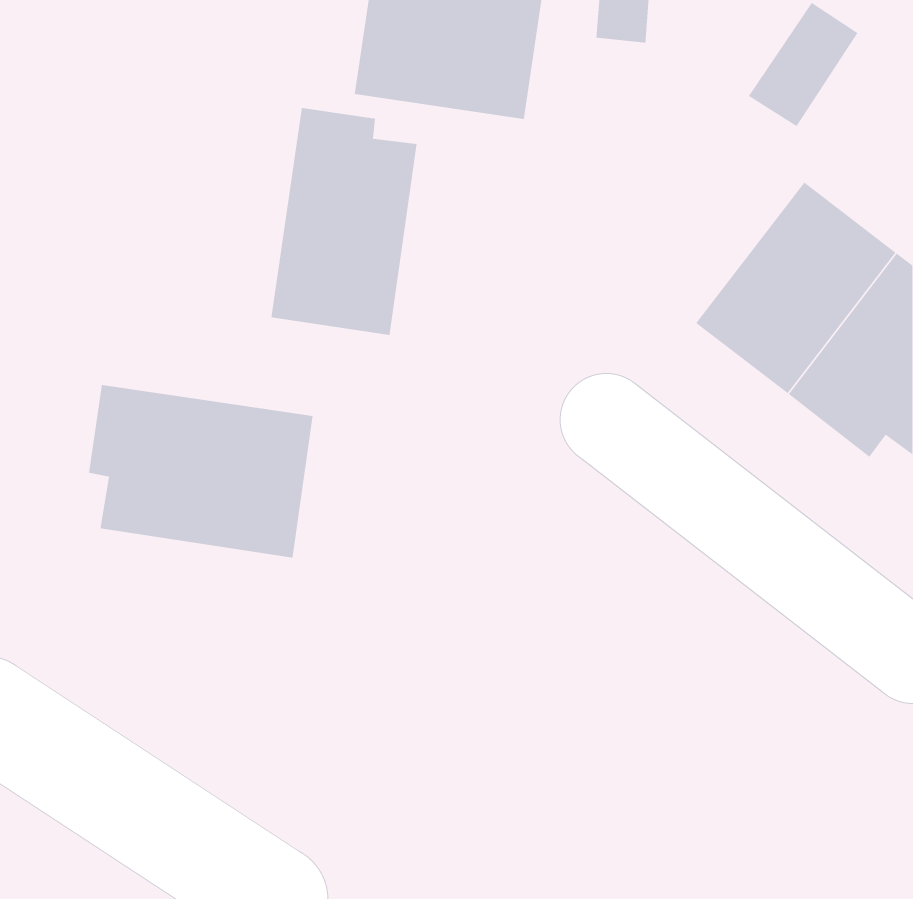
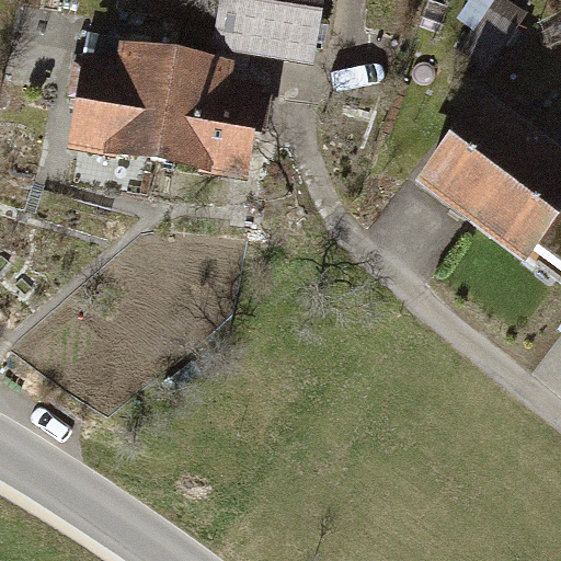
building: none -> [66,56,182,192]
building: [88,384,314,558] -> none

